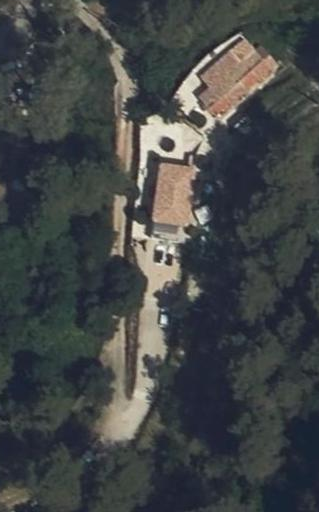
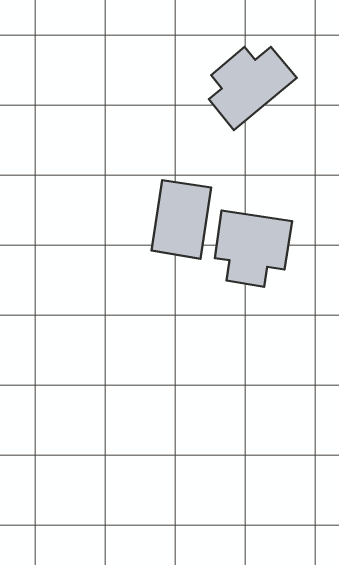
building: none -> [215,211,292,287]

